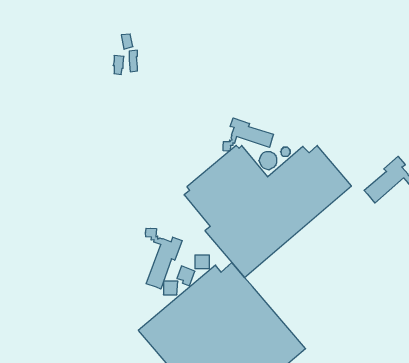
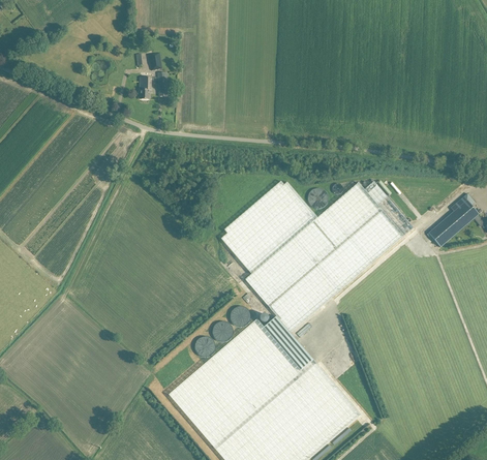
building: [223,118,274,151] -> none
building: [146,228,182,289] -> none

